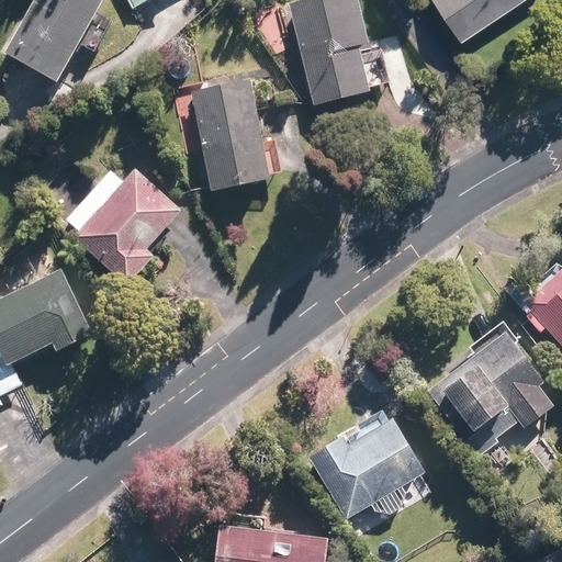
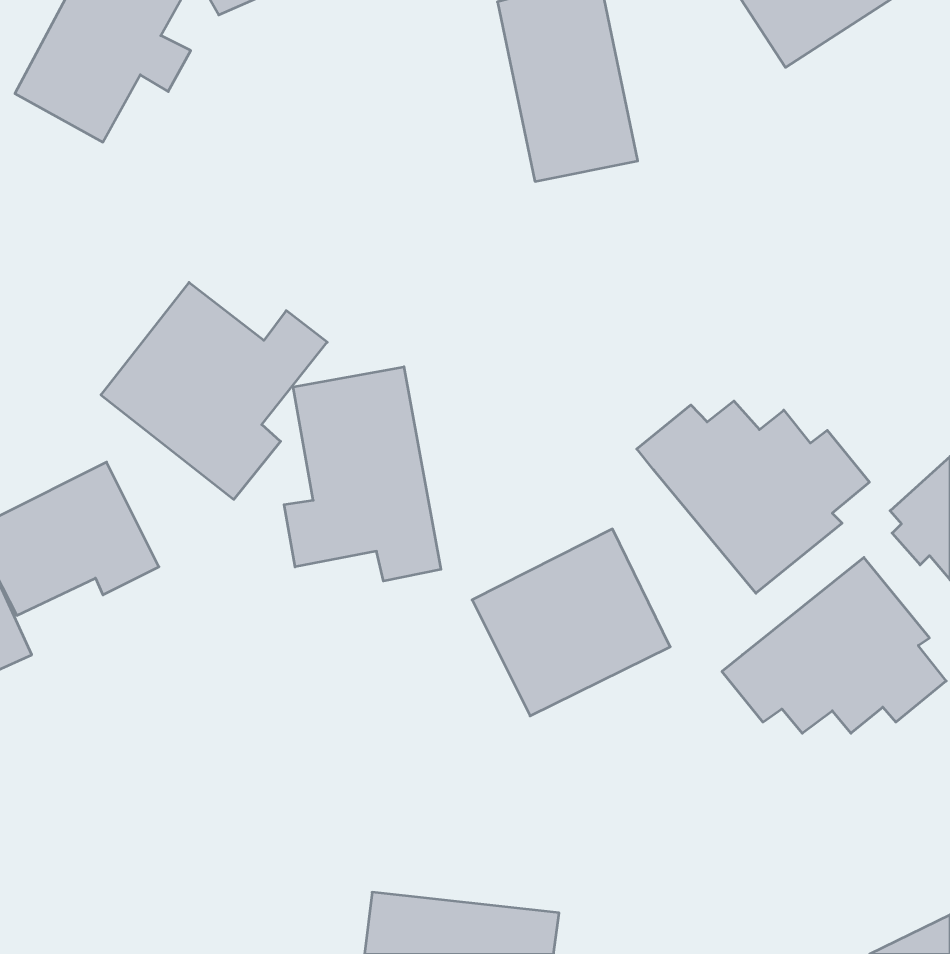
building: [190,79,270,193] -> none
building: none -> [284,367,441,581]
building: none -> [637,401,869,593]
building: [307,409,424,519] -> [472,529,670,716]

